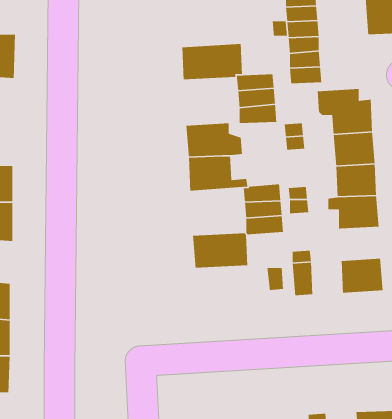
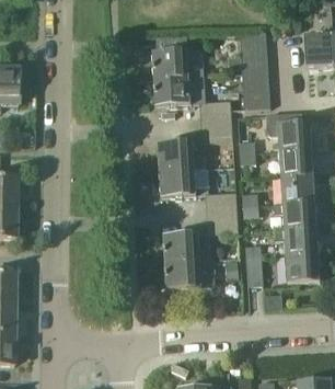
building: none -> [152,49,204,79]
building: none -> [275,228,319,255]
building: none -> [165,260,215,302]

